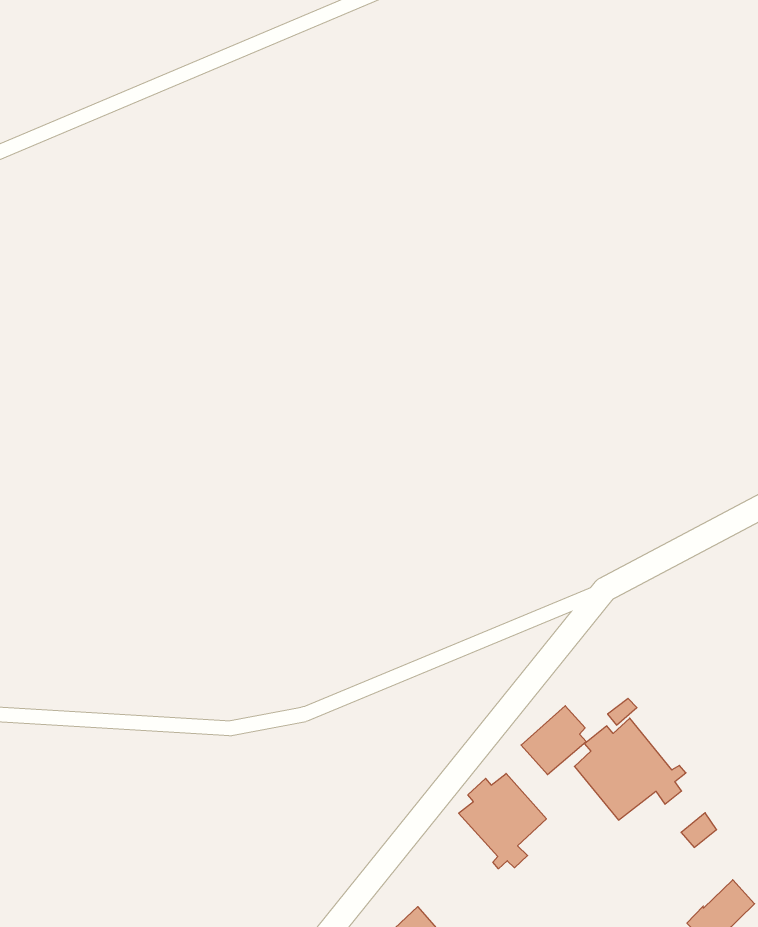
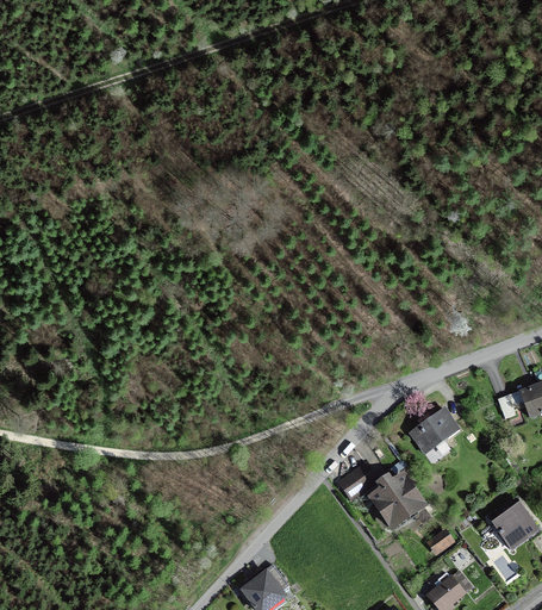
building: none -> [410,407,459,450]
building: [459,773,546,869] -> none

